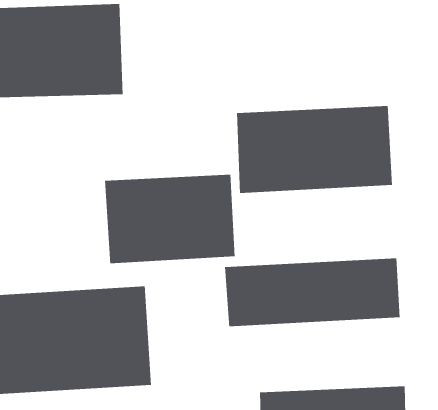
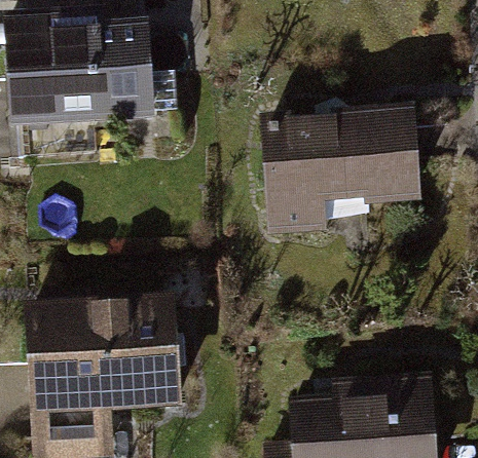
building: [104,174,235,264] -> none
building: [224,258,400,327] -> none

